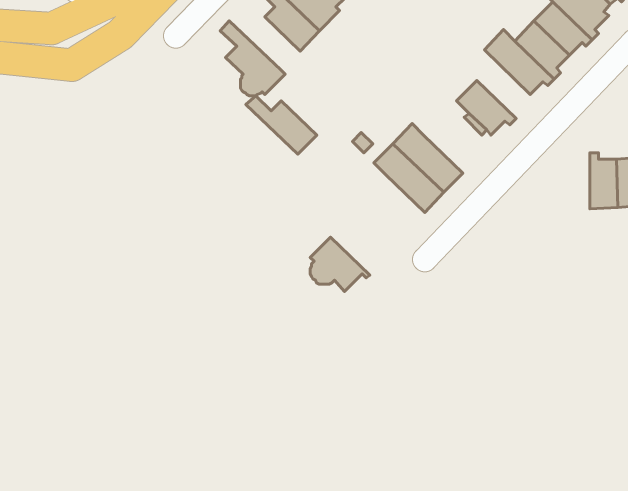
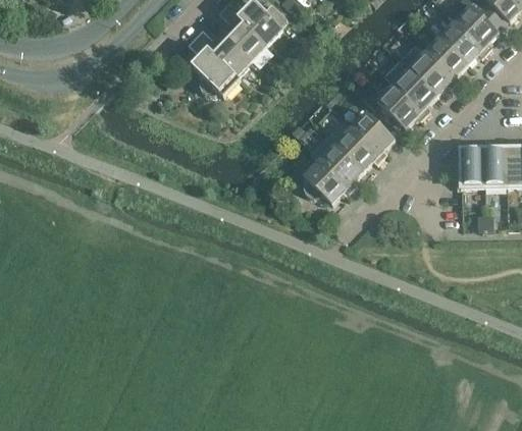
building: none -> [384,59,436,114]
building: [246,96,317,154] -> [195,29,252,75]
building: none -> [351,110,395,158]
building: none -> [461,142,484,186]
building: [310,237,370,292] -> [304,159,352,203]

